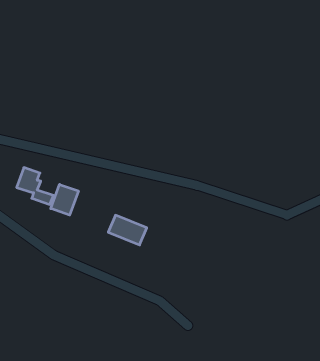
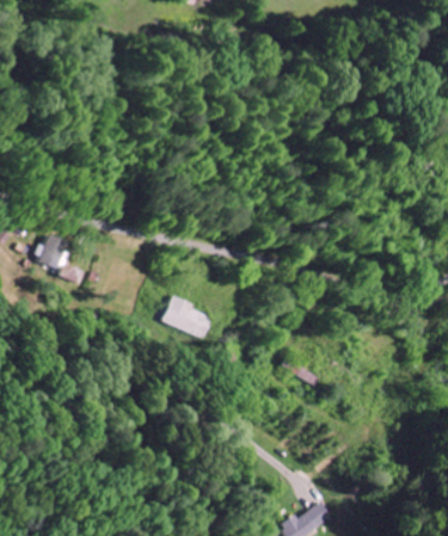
building: [51,184,78,215] -> none

